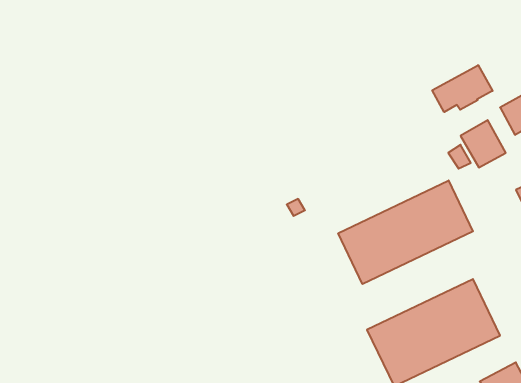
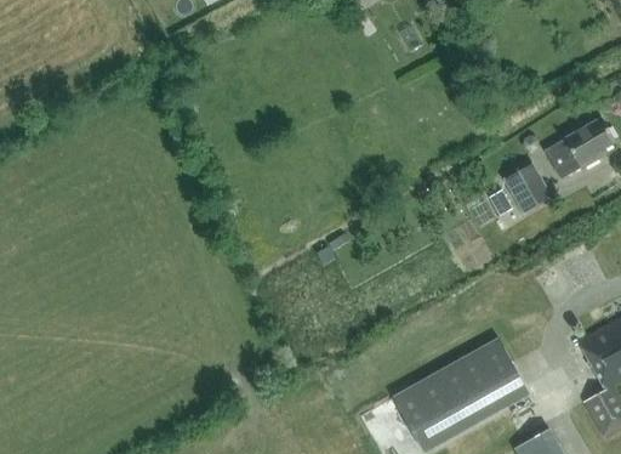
building: [432,65,493,112] -> none
building: [338,180,473,284] -> none

